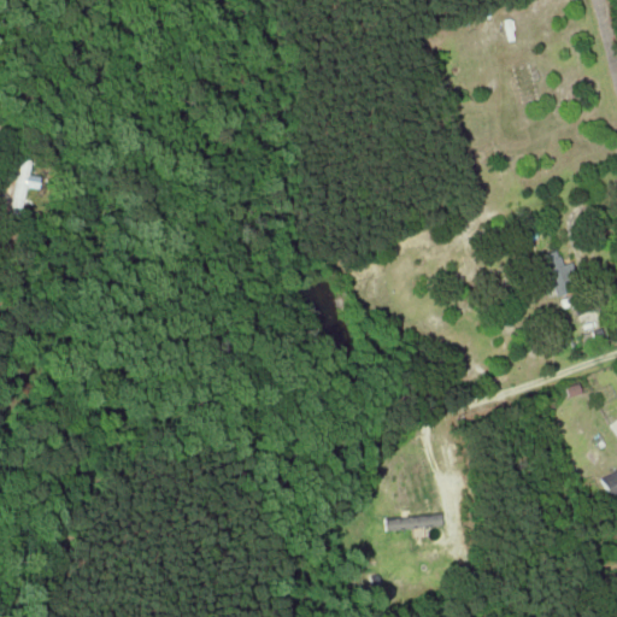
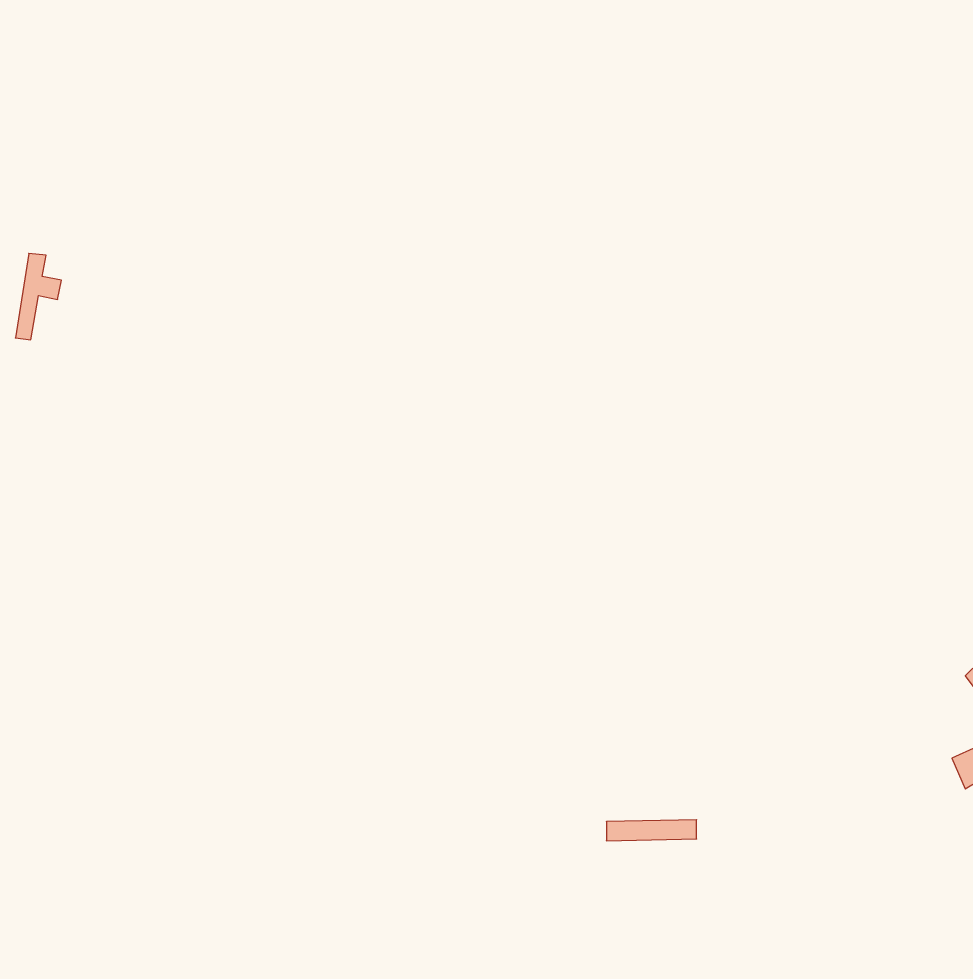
building: [542,249,575,298] -> none

